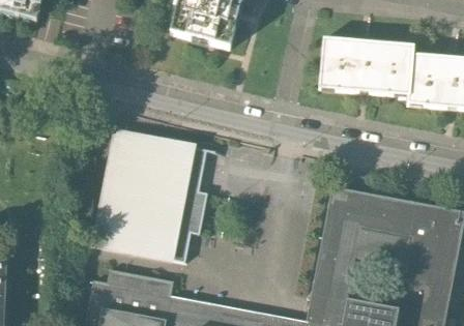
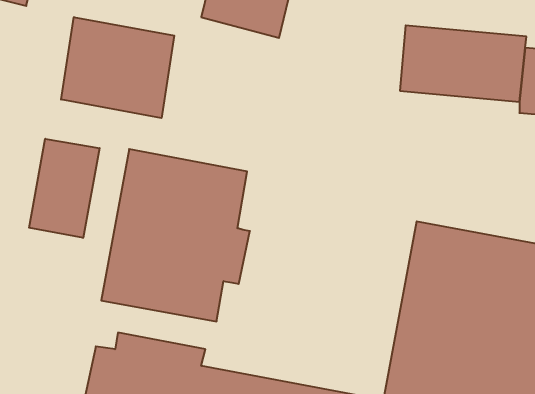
building: none -> [61,17,174,118]
building: none -> [29,139,100,238]

